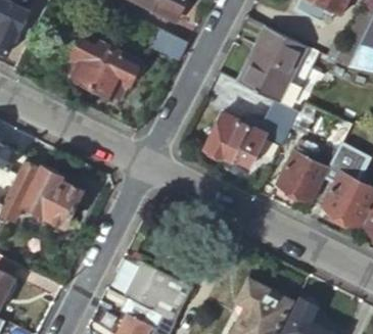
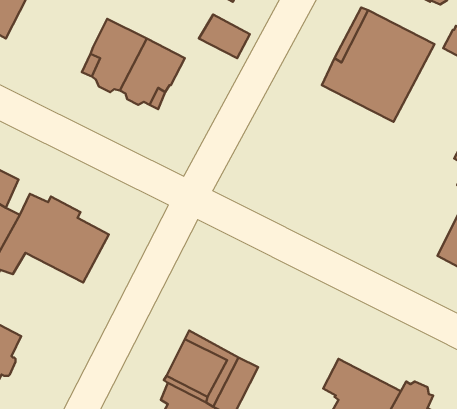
building: [203,101,298,165] -> none
building: [275,138,328,201] -> none

